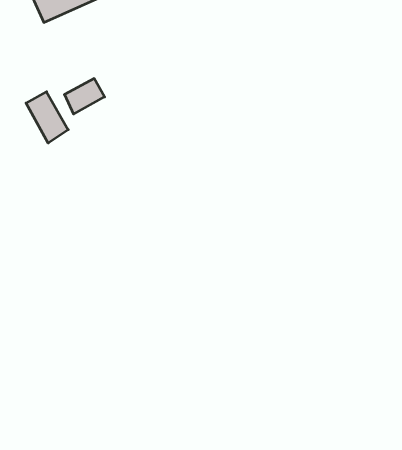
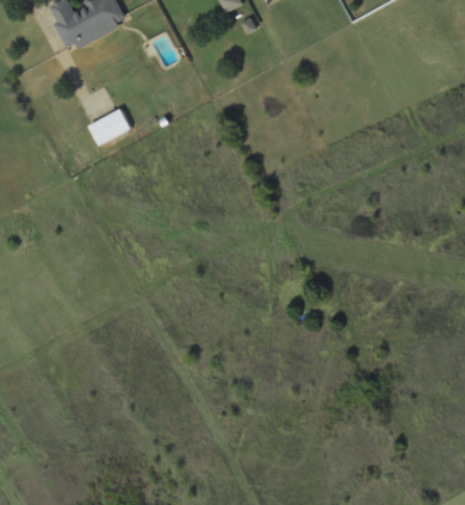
building: [26,92,68,143] -> none

